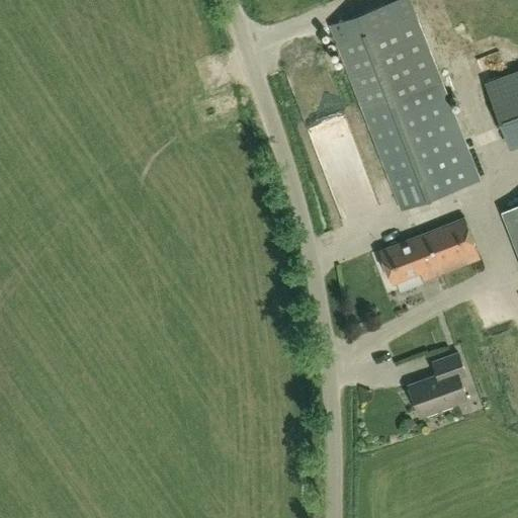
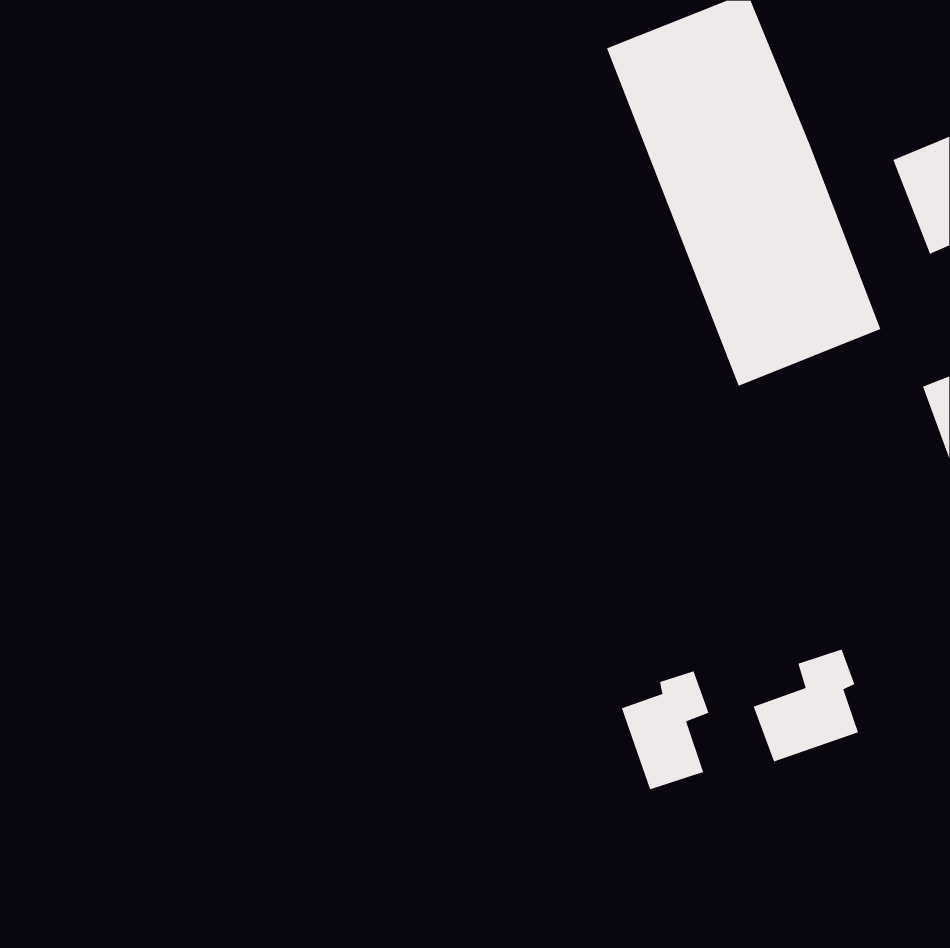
building: [380,219,481,285] -> none
building: none -> [621,670,709,790]

